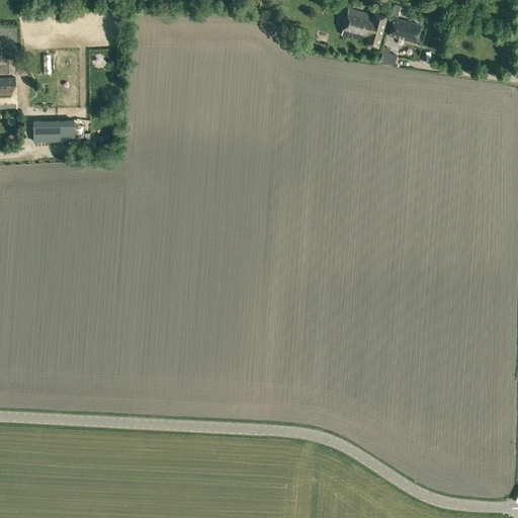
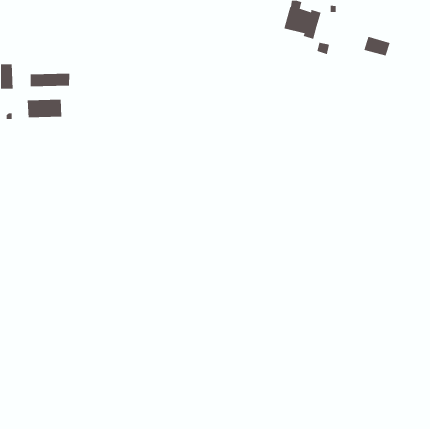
building: [388,18,421,42] -> [363,36,390,56]
building: none -> [30,73,70,87]

